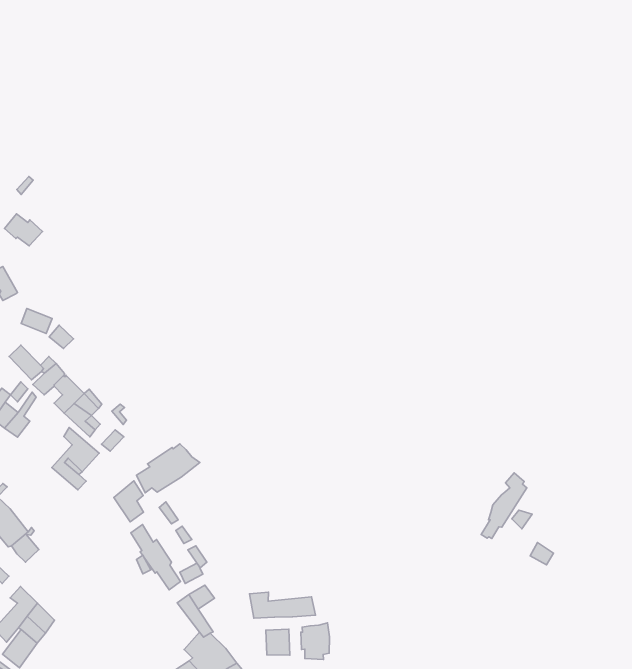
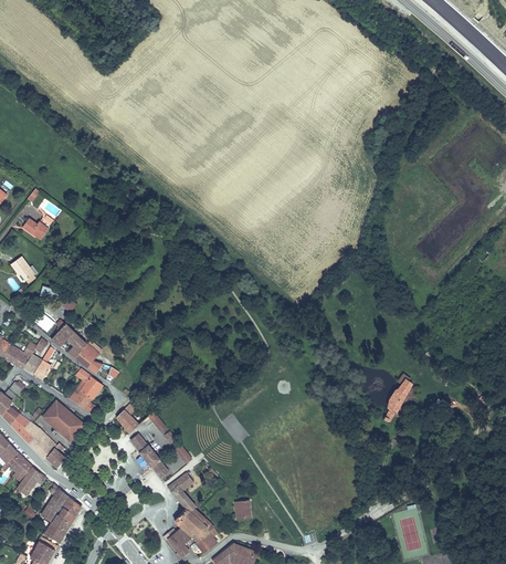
building: [137,444,200,493] -> none
building: none -> [41,399,86,442]
building: [249,592,316,618] -> none
building: [301,623,330,659] -> none

